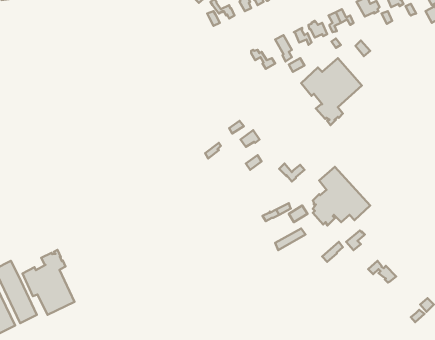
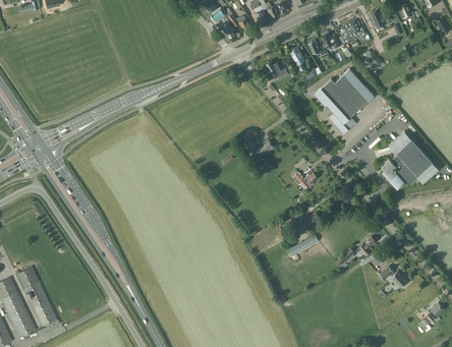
building: [313,167,370,225] -> [383,132,439,189]
building: [23,250,74,315] -> none

